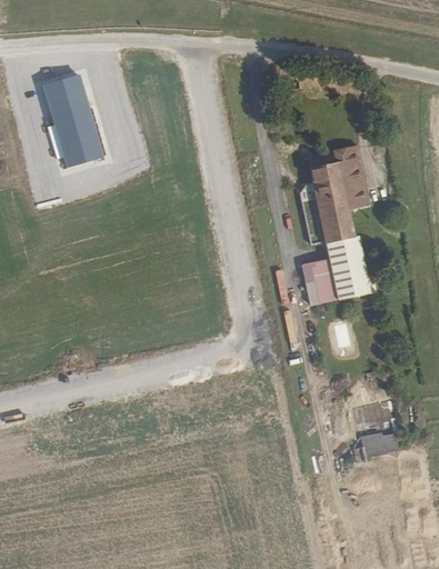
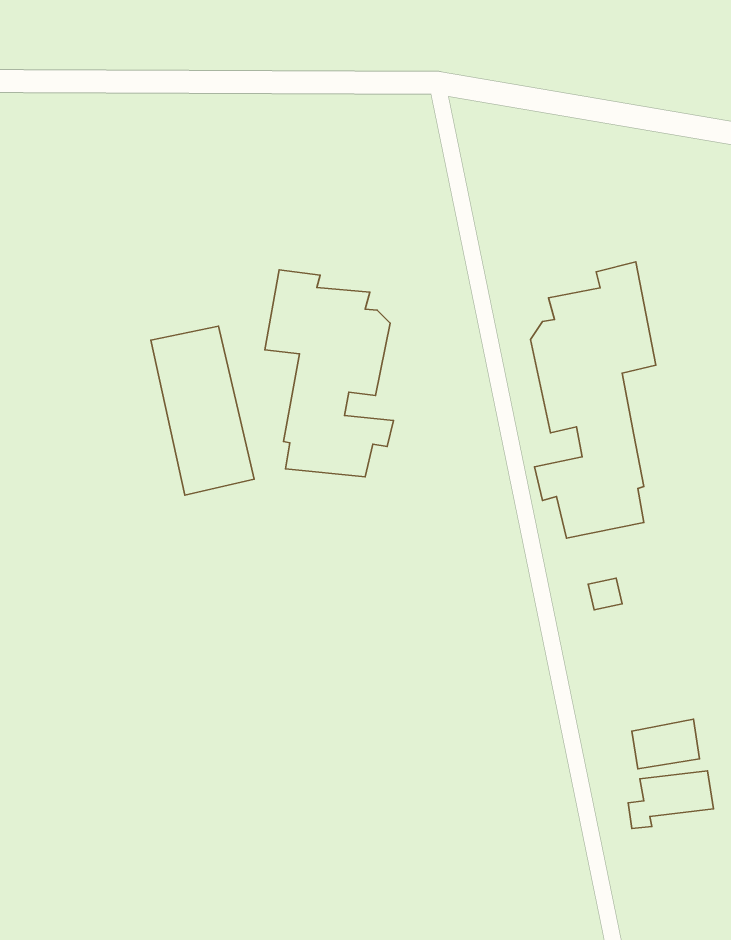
building: [44,74,102,169] -> [151,326,254,495]
building: none -> [265,270,393,477]

